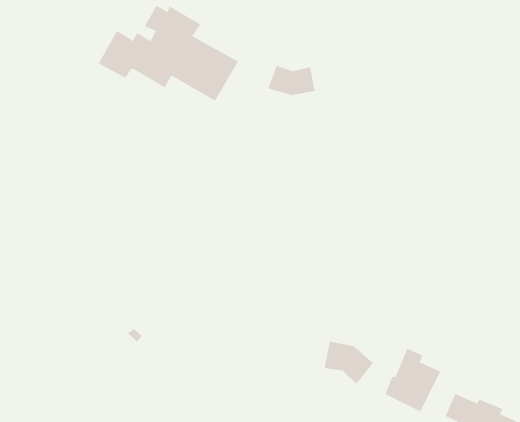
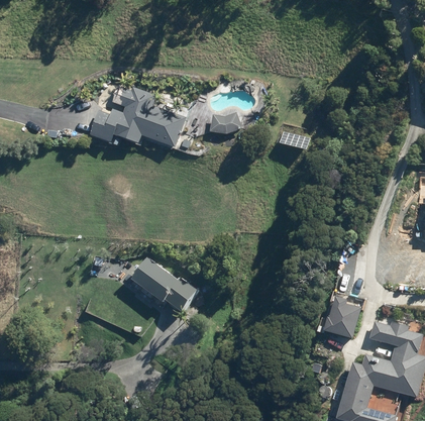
building: none -> [130,254,197,309]
building: [324,341,374,385] -> none

